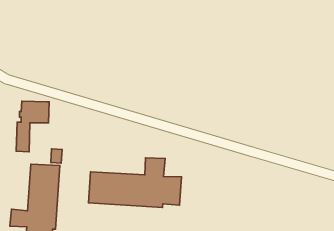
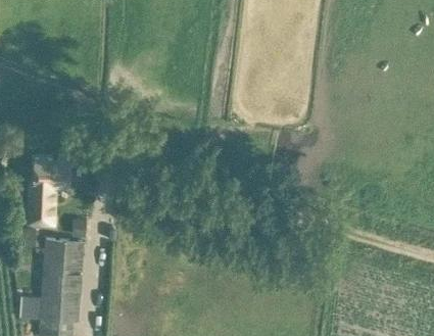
building: [88,158,182,207] -> none

